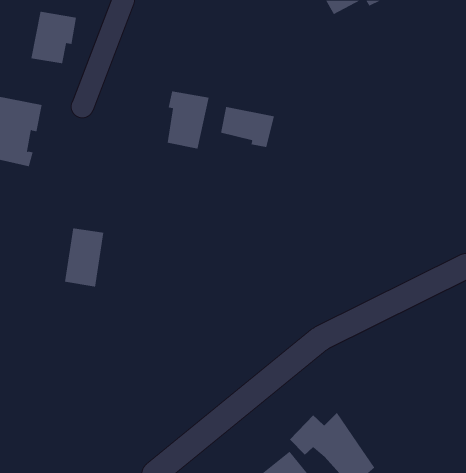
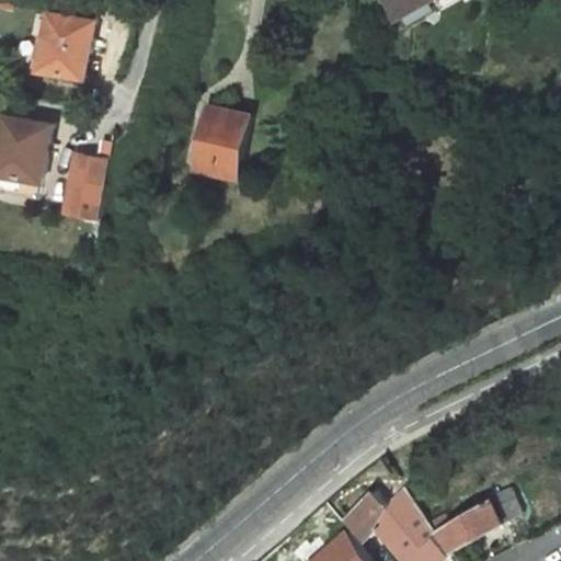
building: [220,106,274,148] -> none
building: [64,228,104,287] -> [61,149,108,219]
building: none -> [424,485,515,553]

